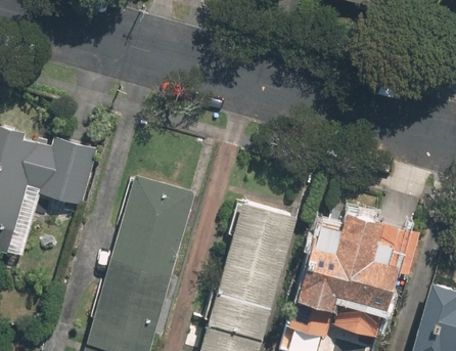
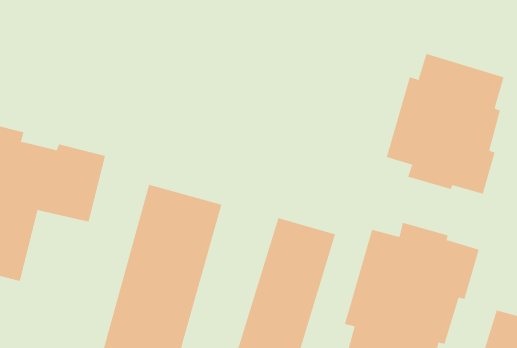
building: none -> [386,53,504,194]

